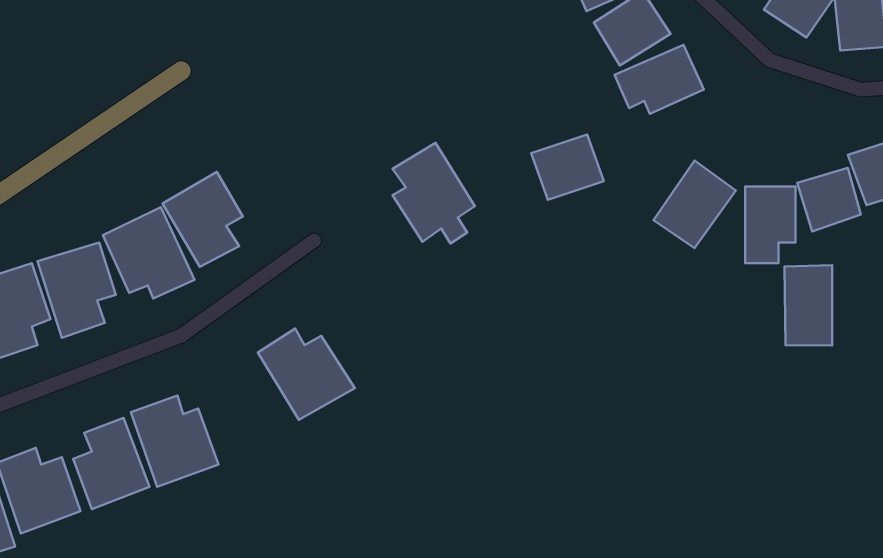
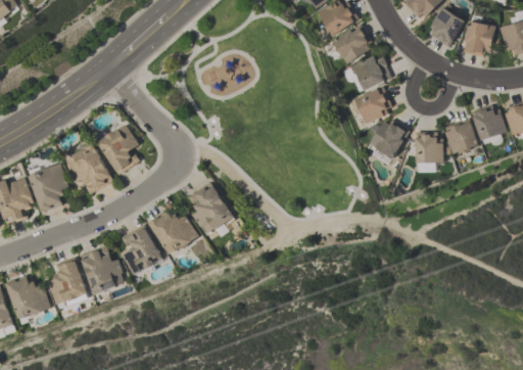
building: [531,135,604,200] -> [354,87,394,123]
building: [393,143,475,244] -> [188,181,233,236]
building: [785,265,832,345] -> none
building: none -> [121,224,163,275]

